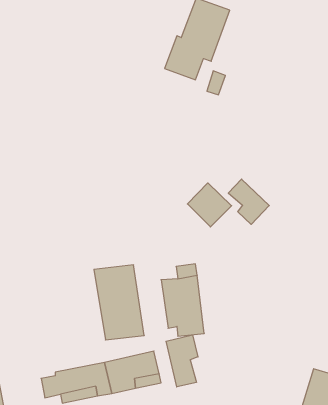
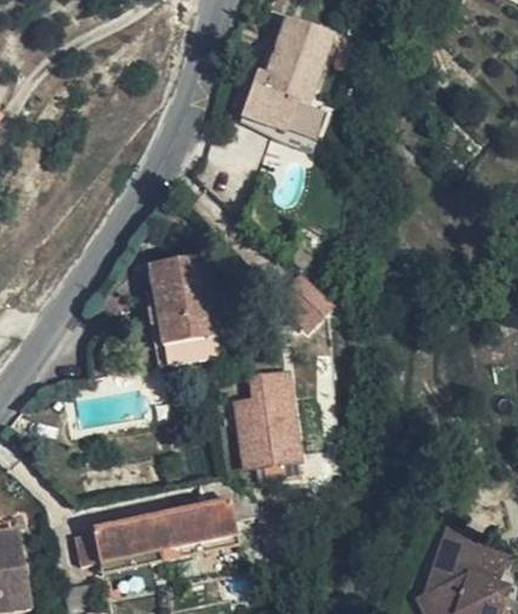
building: [228,179,269,224] -> none
building: [94,265,144,340] -> [149,258,217,360]
building: [166,335,198,387] -> none

